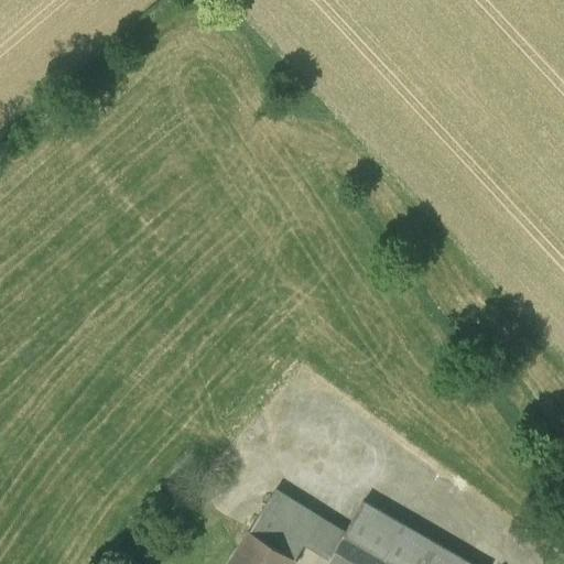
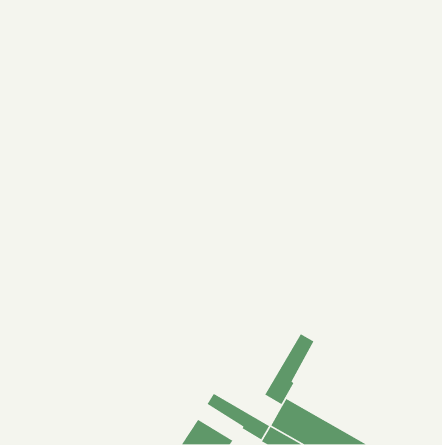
building: none -> [264,333,314,405]
building: [254,511,311,557] -> none

